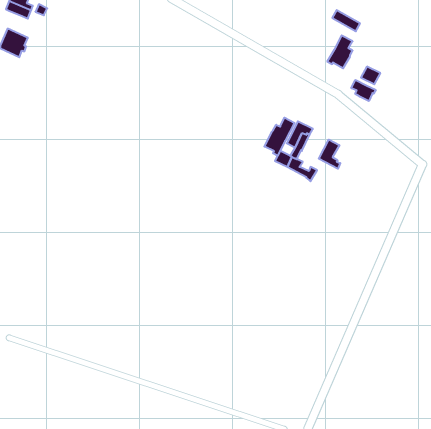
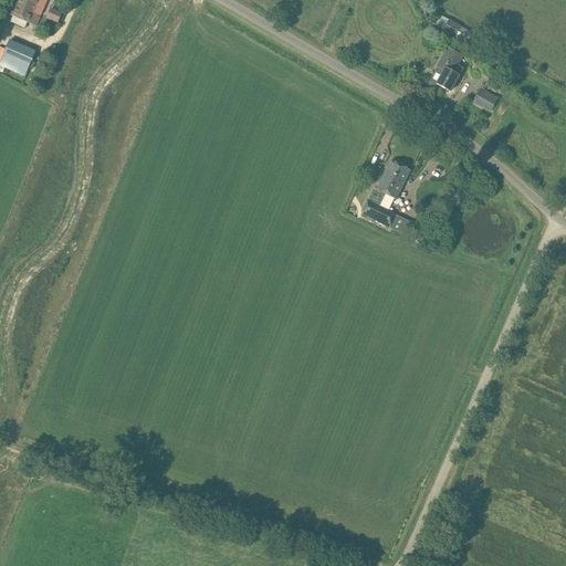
building: [351,80,376,101] -> none
building: [264,118,295,156] -> none
building: [319,140,340,169] -> none

